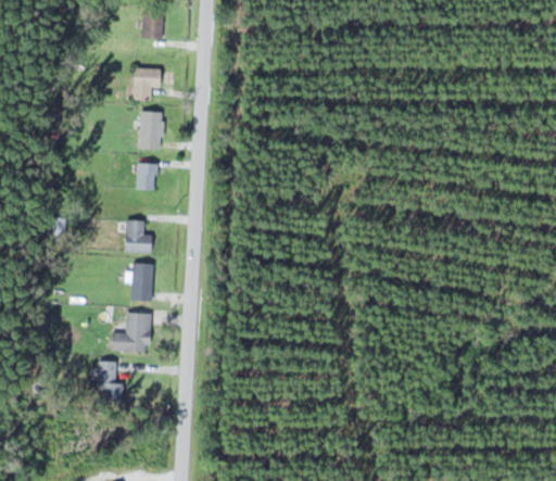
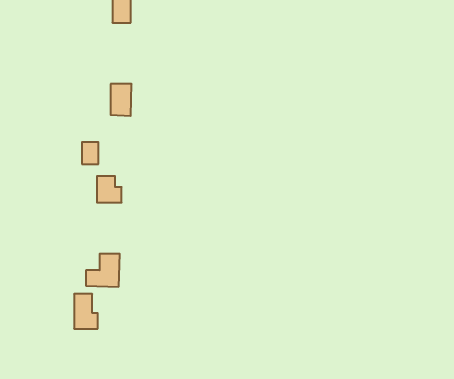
building: [131,67,162,99] -> none
building: [137,163,156,189] -> [82,142,98,164]
building: [131,264,152,301] -> none

